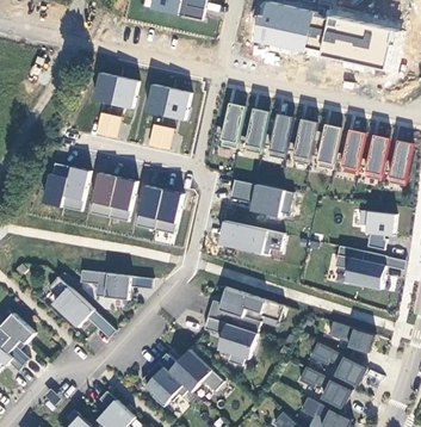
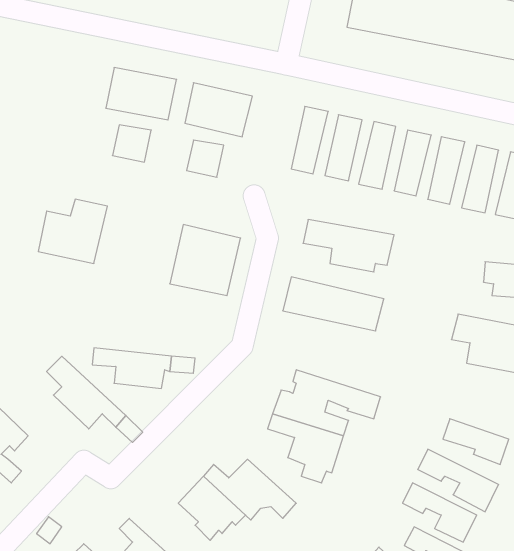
building: [87,173,136,223] -> none

